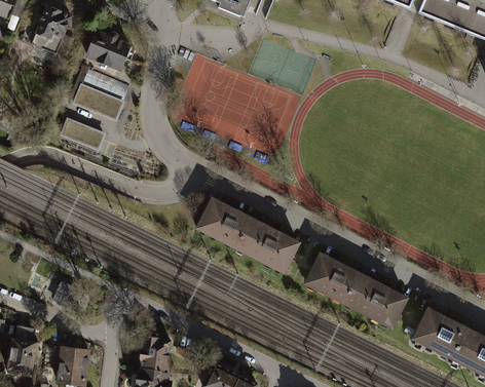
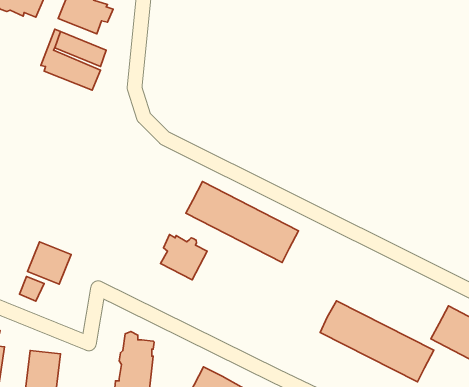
building: [62,119,104,149] -> none
building: none -> [161,235,207,280]
building: none -> [28,242,71,284]
building: [306,255,406,325] -> [320,301,434,382]

